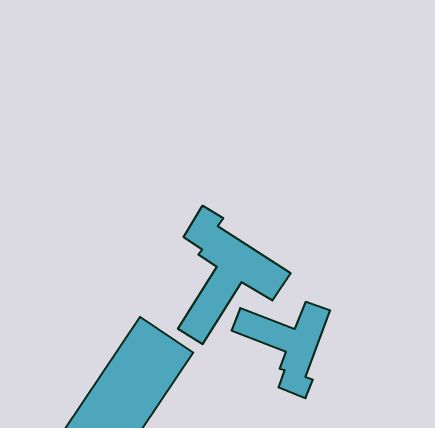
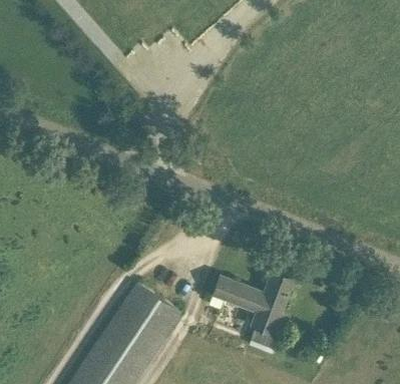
building: [178,206,291,344] -> none

